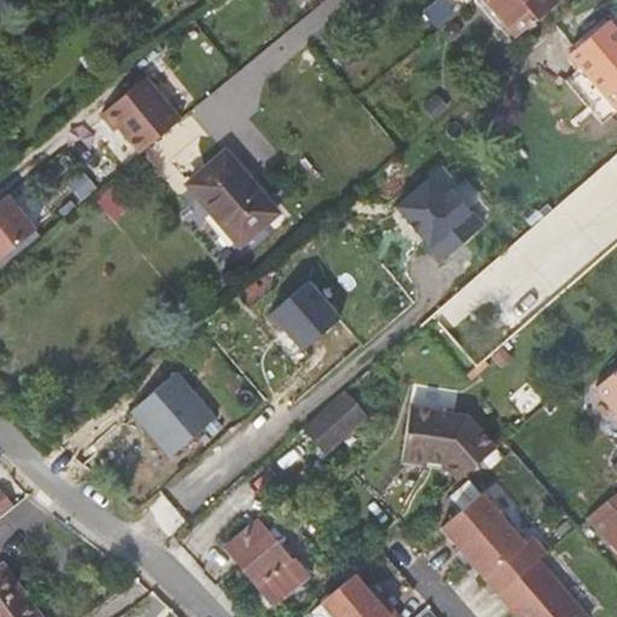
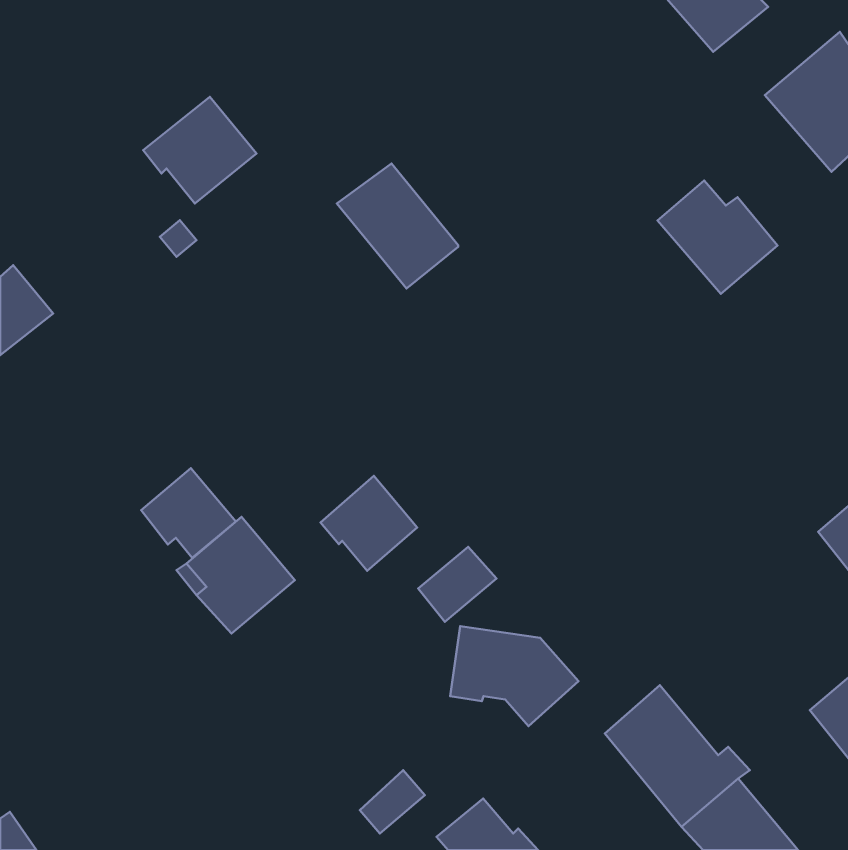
building: [187,153,275,243] -> [337,163,458,288]
building: [398,177,484,259] -> [658,180,777,294]
building: [271,280,341,348] -> [321,476,417,571]
building: none -> [141,468,236,558]
building: [405,409,498,481] -> [450,626,579,726]
building: [231,522,294,586] -> none

